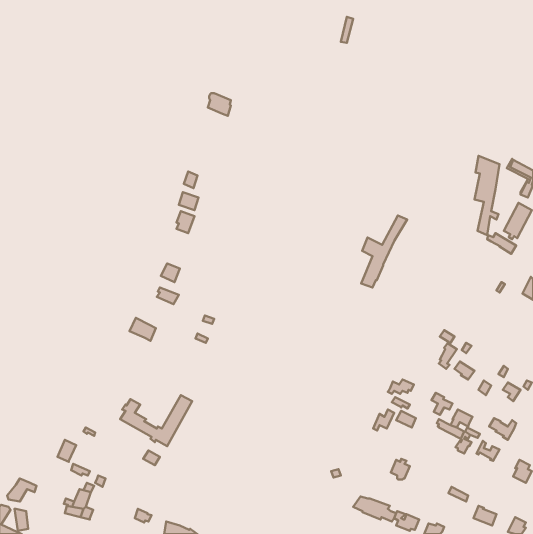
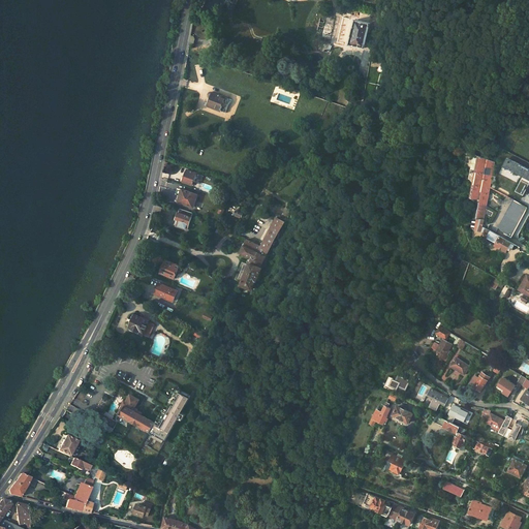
building: none -> [348,20,370,48]
building: [361,215,407,288] -> [239,218,284,289]

